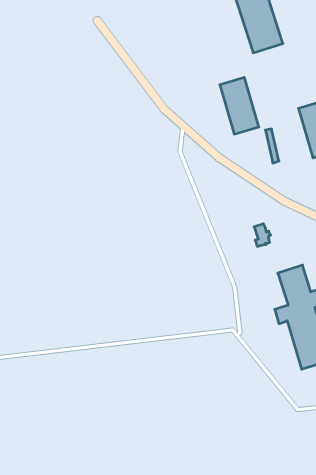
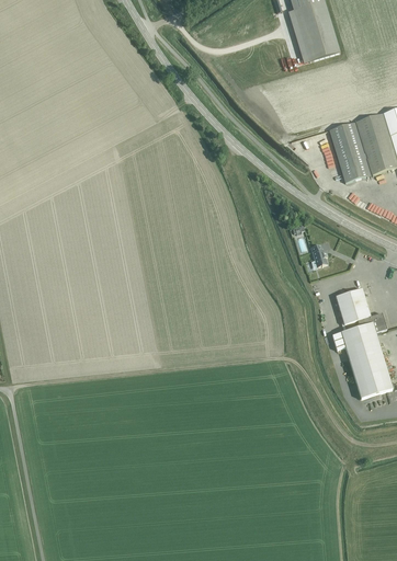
building: [220,77,259,134] -> [329,122,371,182]

